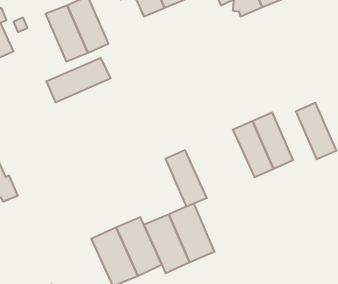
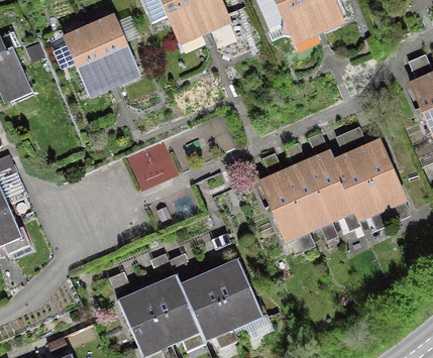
building: [46,58,111,102] -> none
building: none -> [334,152,382,218]
building: [165,150,207,206] -> [260,173,309,239]

